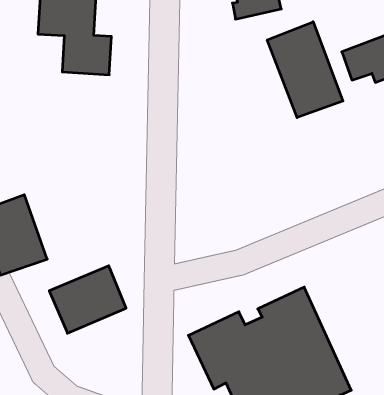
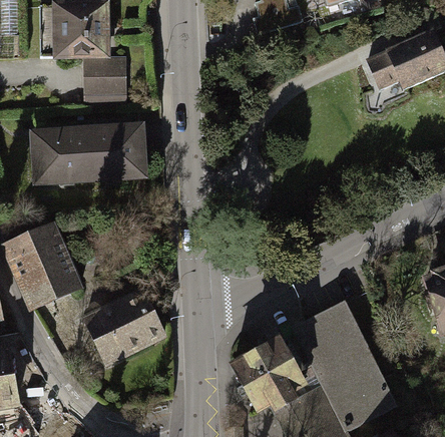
building: [267,22,343,118] -> none
building: none -> [36,129,145,186]

